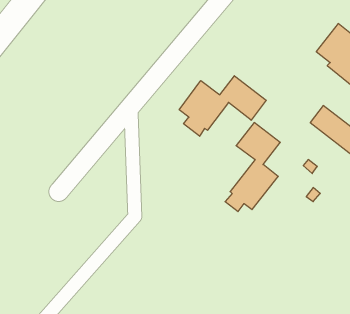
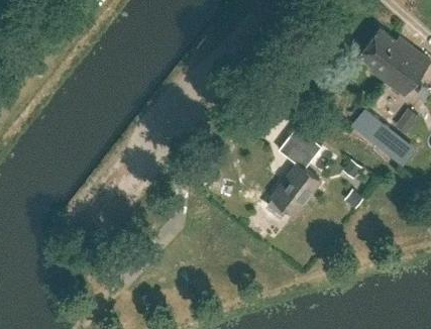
building: [179,76,266,136] -> none

